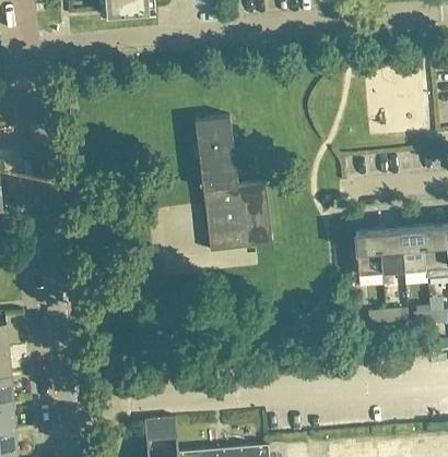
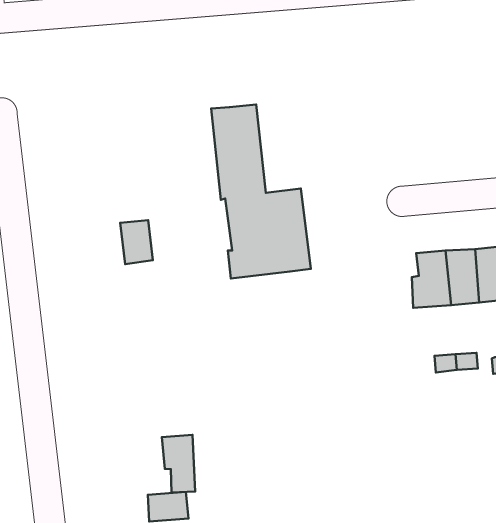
building: none -> [120,220,153,264]
building: none -> [162,435,195,493]

